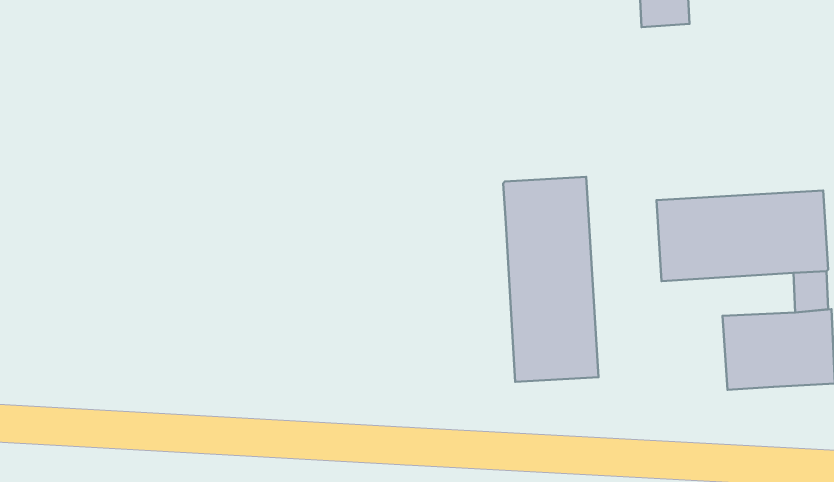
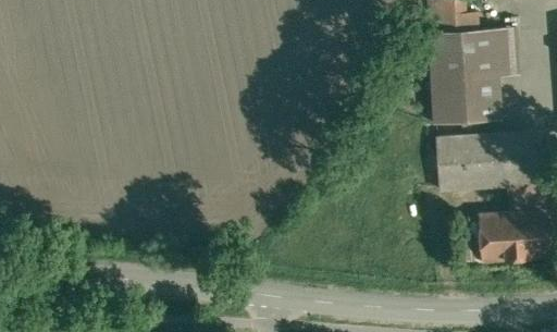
building: none -> [429,29,506,124]
building: [503,177,598,382] -> none

